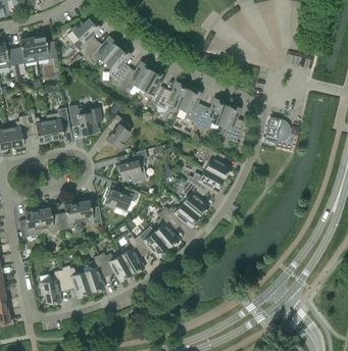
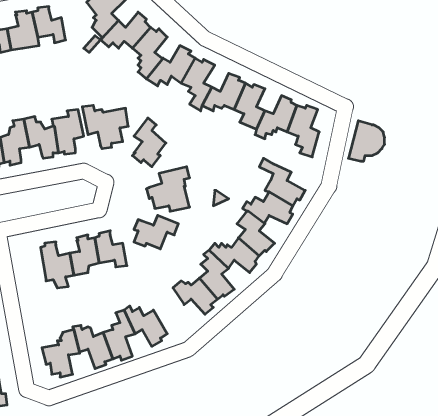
building: [18,208,42,237] -> none
building: [120,236,144,272] -> none

